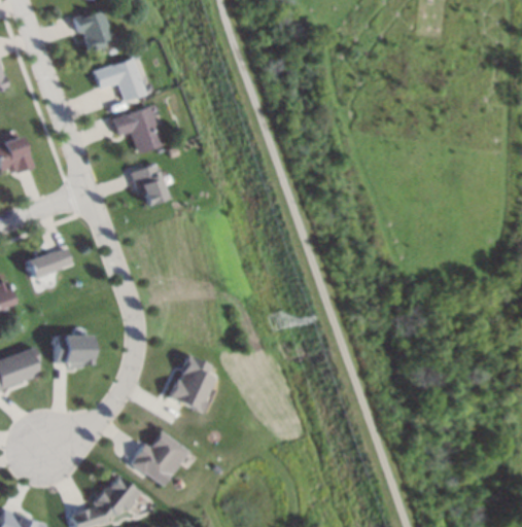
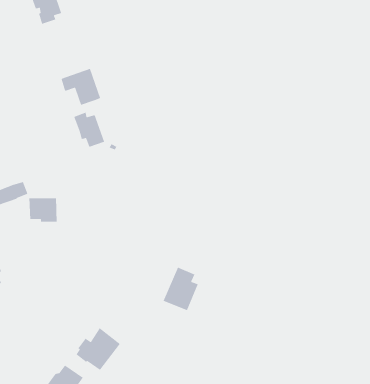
building: [95,59,145,102] -> none
building: [54,336,90,366] -> [29,198,58,222]
building: [168,356,213,412] -> [163,267,199,311]

